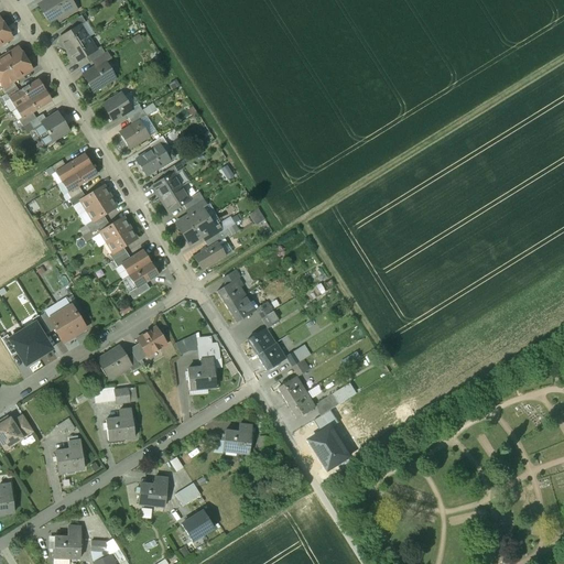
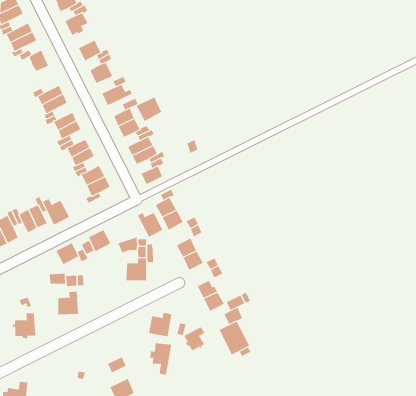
building: none -> [136,96,162,122]
building: none -> [42,198,70,226]
building: none -> [137,212,163,237]
building: none -> [184,327,205,352]
building: none -> [150,342,172,376]
building: [139,476,167,506] -> none

